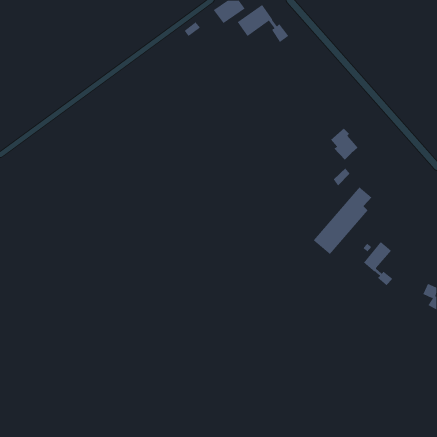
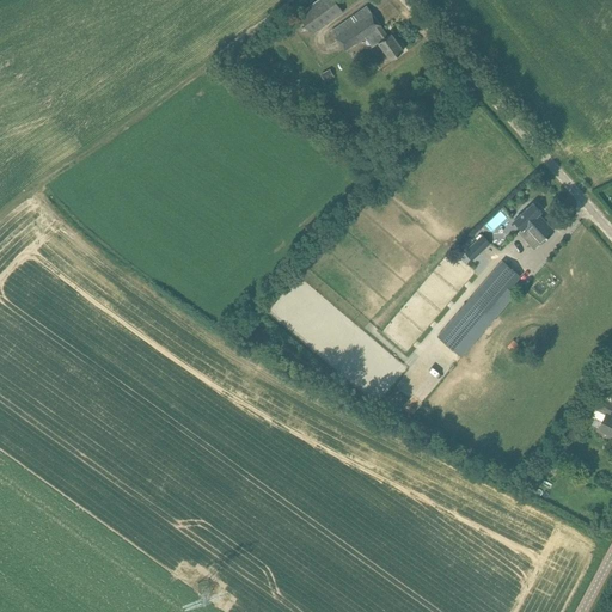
building: [330,128,358,160] -> [514,203,553,249]
building: [363,241,393,286] -> none

